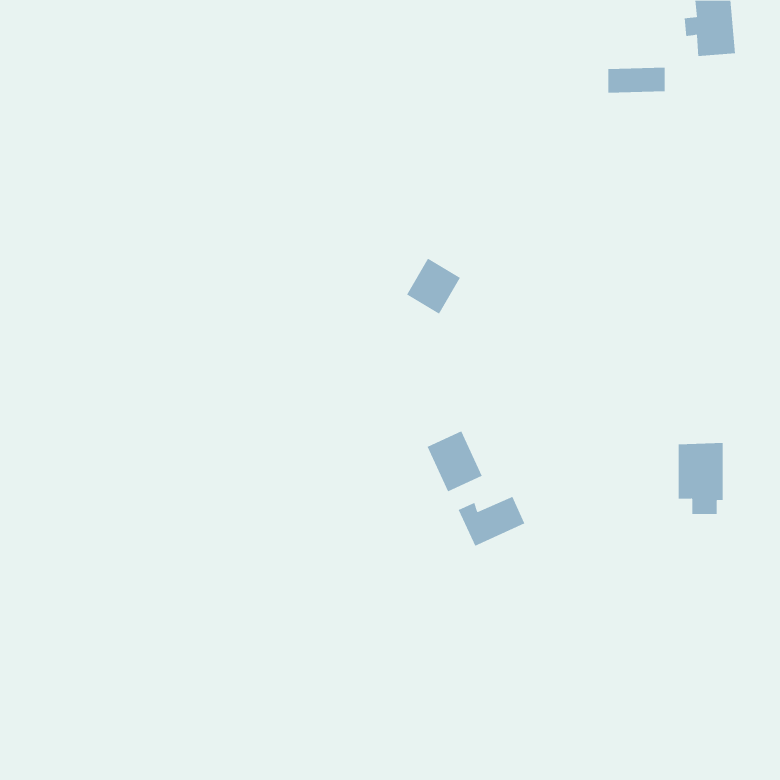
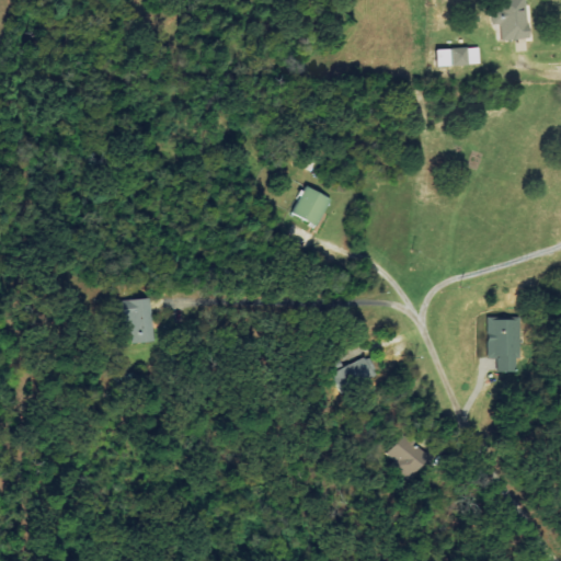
building: none -> [123,297,156,344]
building: [427,431,483,492] -> none
building: none -> [387,435,430,478]

